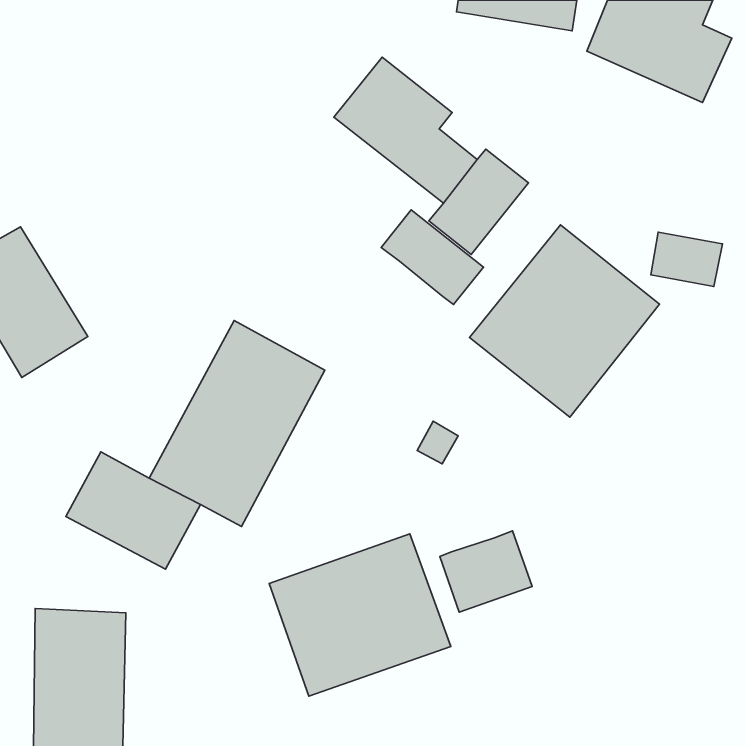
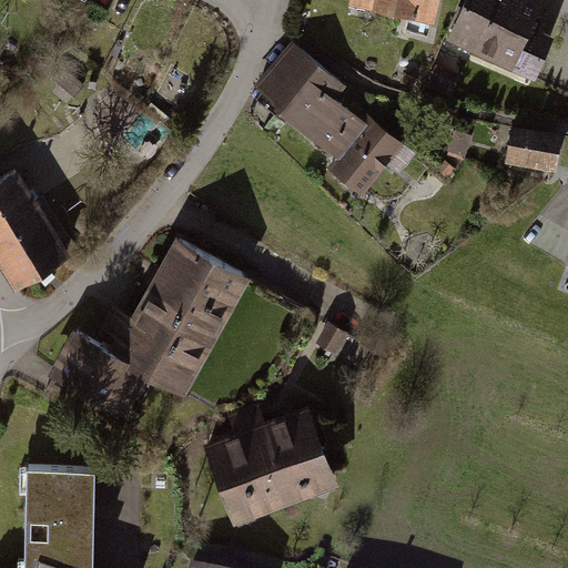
building: [381,210,483,304] -> none
building: [469,225,659,417] -> none
building: [651,232,723,286] -> [504,126,558,168]
building: [440,531,532,612] -> none

